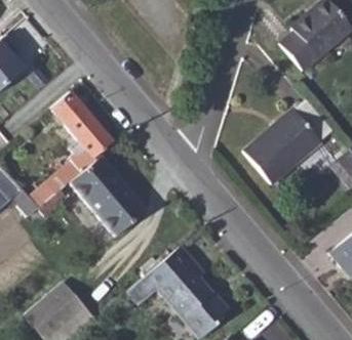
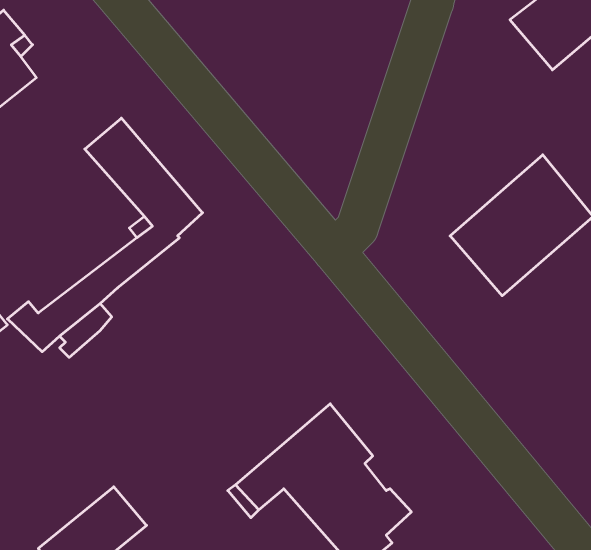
building: [69,156,147,237] -> none

